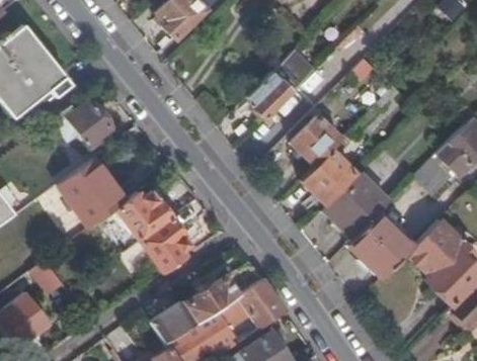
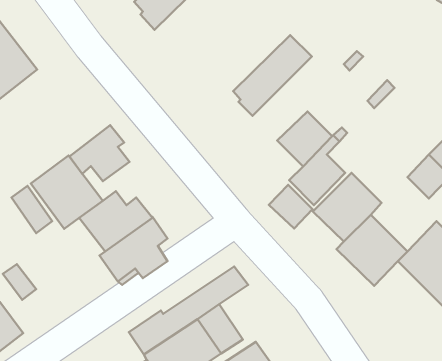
building: [59,95,115,148] -> [69,125,130,181]
building: none -> [269,185,313,228]
building: [236,278,287,330] -> none

